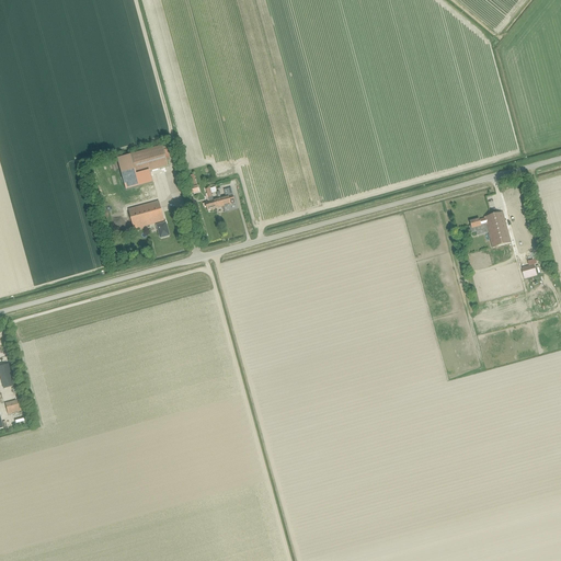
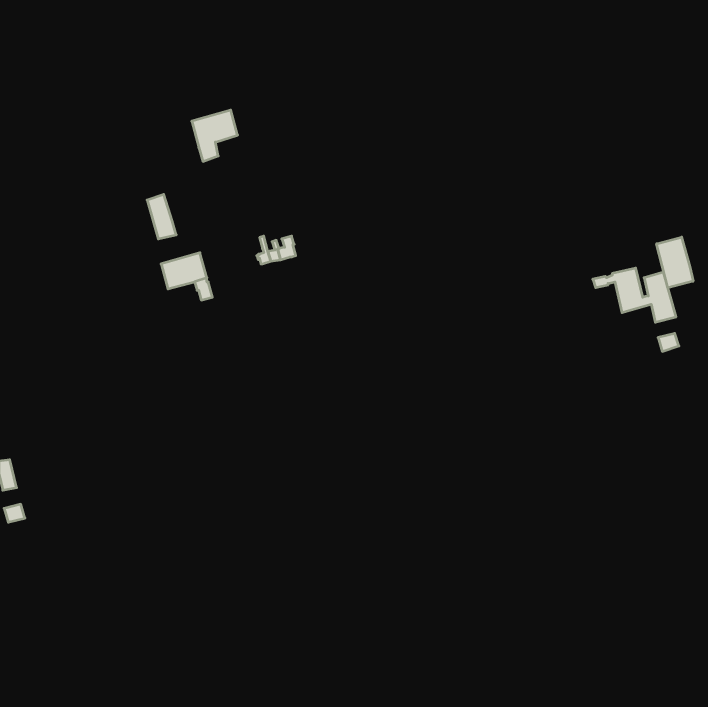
building: [130,145,167,185] -> [192,110,238,161]
building: none -> [657,237,693,288]

